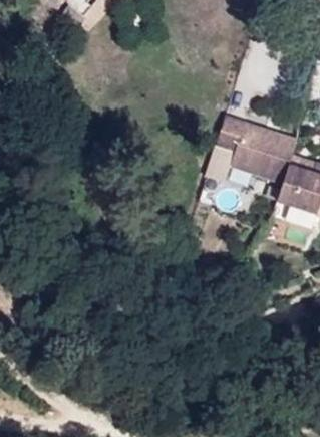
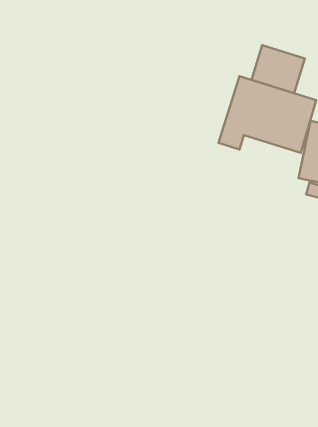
building: none -> [251,45,305,93]

